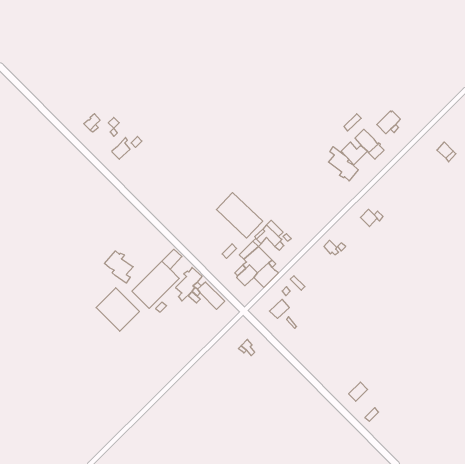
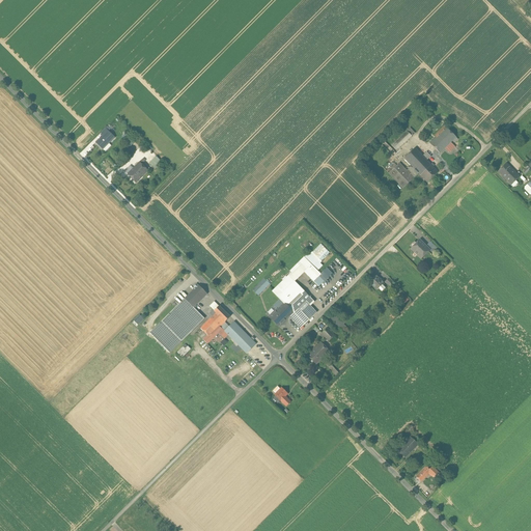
building: [328,147,358,181] -> none
building: [216,193,263,238] -> none
building: [104,251,133,283] -> none
building: [96,288,139,331] -> none

